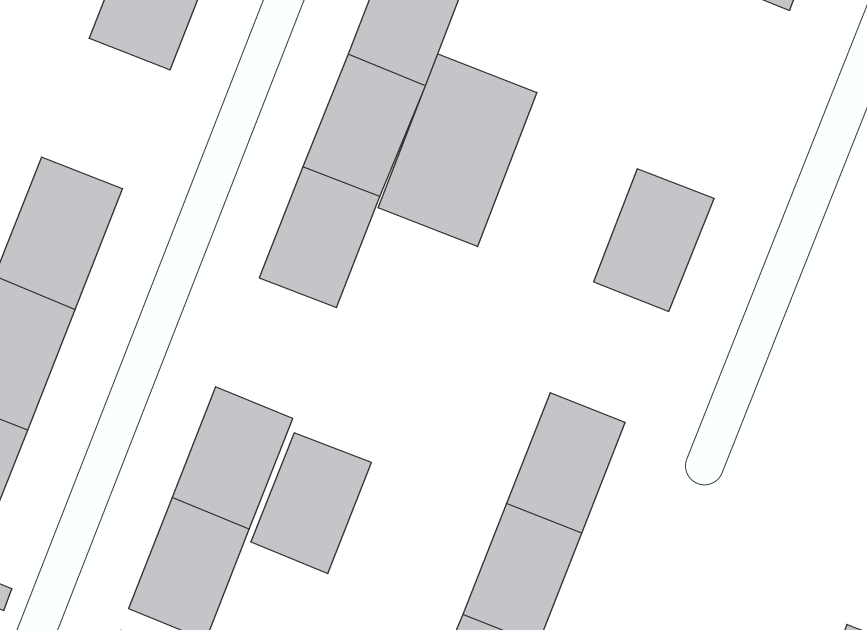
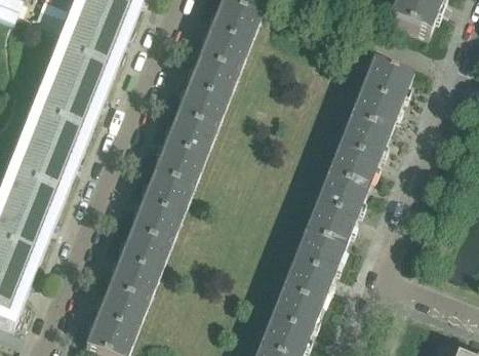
building: none -> [41,47,108,125]
building: [378,54,537,247] -> none
building: none -> [350,56,412,130]
building: none -> [305,173,366,246]
building: [251,433,371,573] -> [131,171,194,244]

